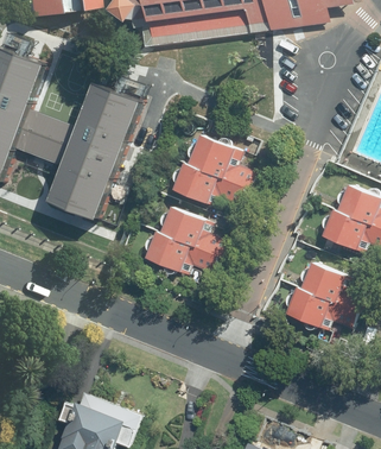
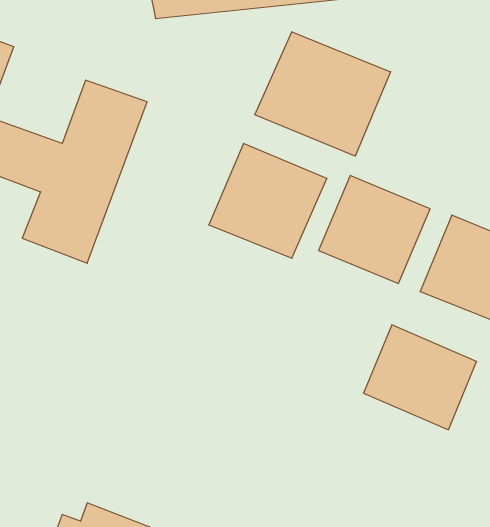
building: none -> [255,32,391,156]
building: [154,205,234,283] -> [319,175,430,284]

